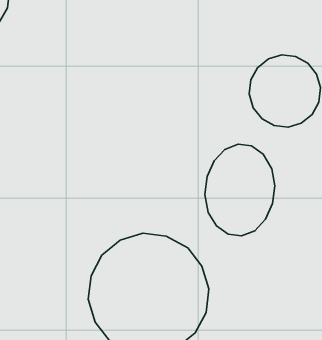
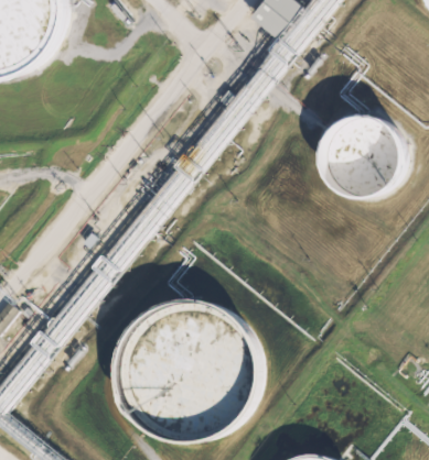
building: [205,144,275,236] -> none

